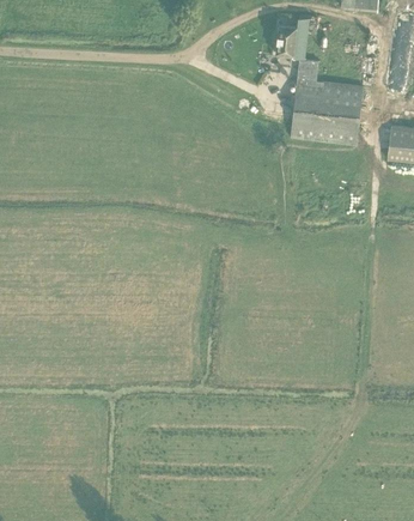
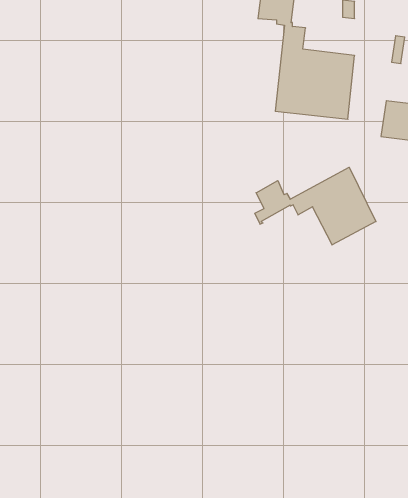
building: none -> [255,167,376,245]

